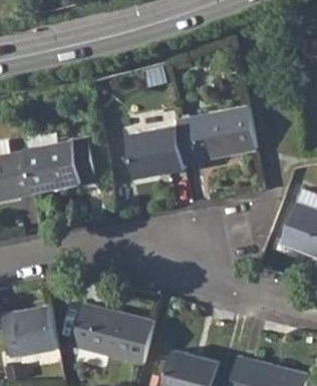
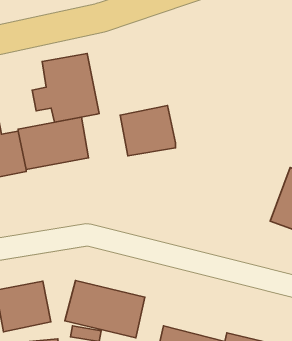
building: none -> [32,53,99,122]
building: [174,108,254,164] -> none

